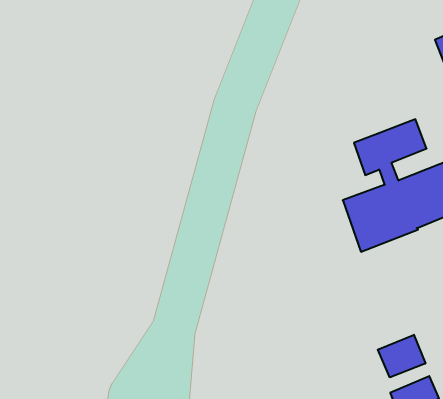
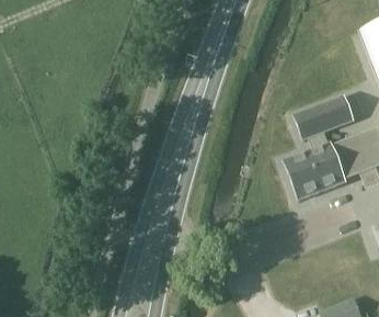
building: [378,335,425,377] -> none

